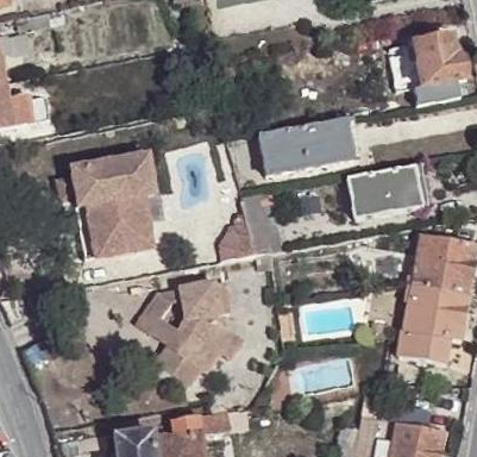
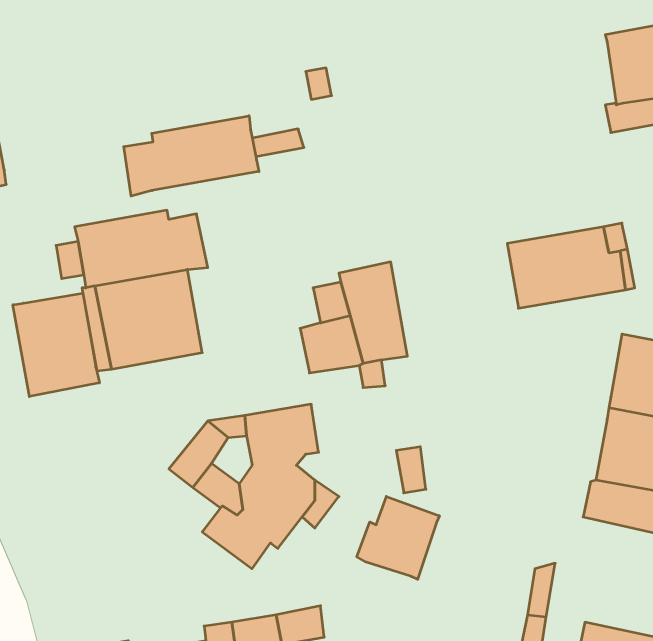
building: none -> [124,116,259,196]
building: [257,115,352,174] -> none
building: none -> [13,293,99,397]
building: none -> [357,496,439,579]

